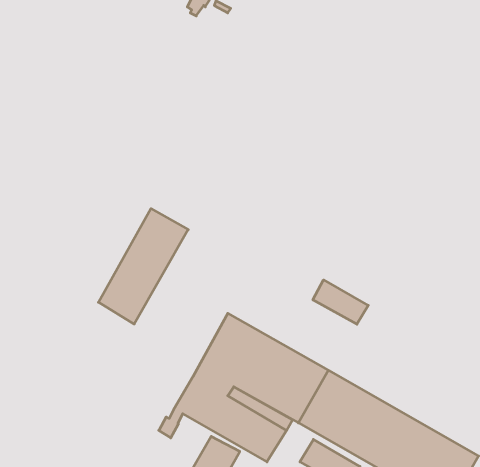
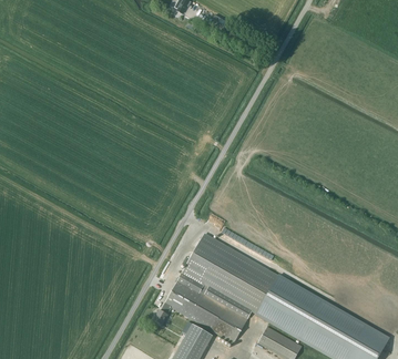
building: [98,209,188,324] -> none
building: [313,280,368,324] -> none

